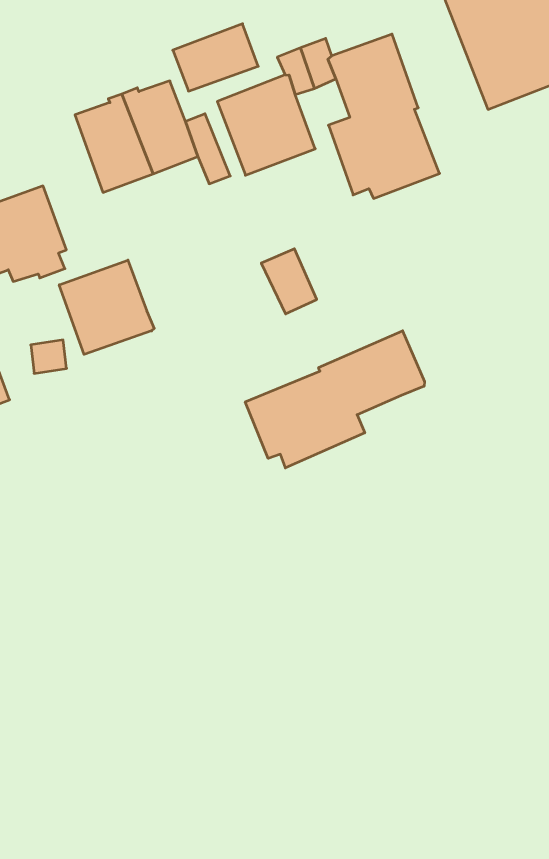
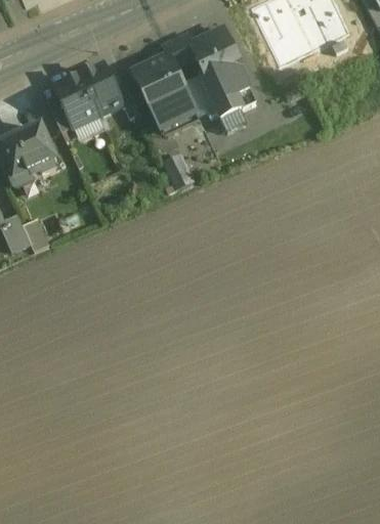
building: [173,24,258,91] -> [149,95,196,134]
building: [59,260,154,354] -> none
building: [245,331,424,468] -> none

